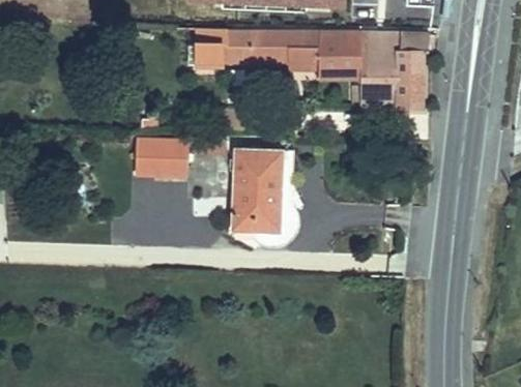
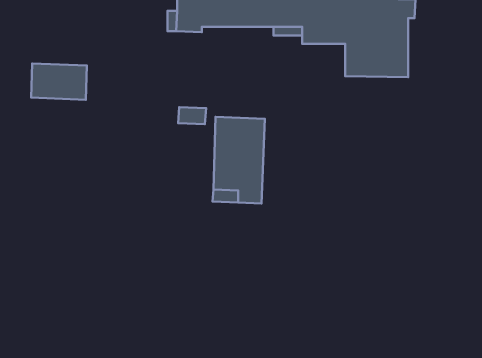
building: [134,140,187,175] -> [31,63,87,100]

